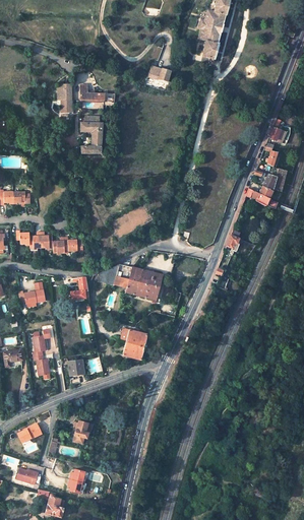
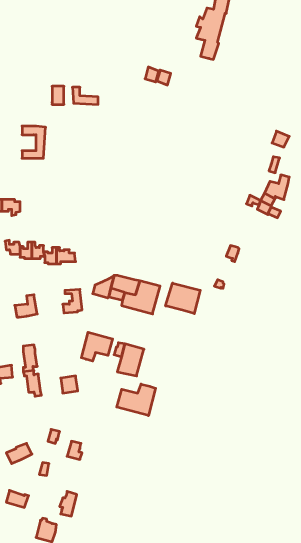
building: [80,123,103,153] -> [22,126,46,158]
building: none -> [166,283,200,314]
building: none -> [81,332,113,361]
building: none -> [117,384,156,416]

